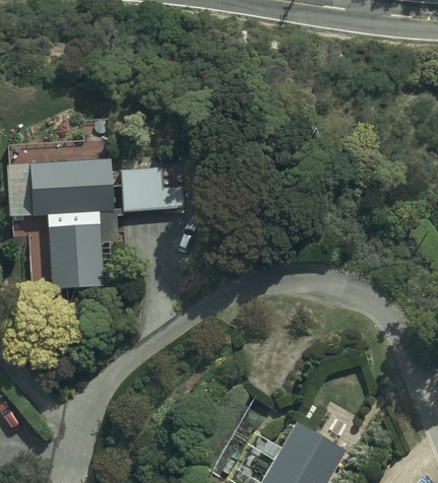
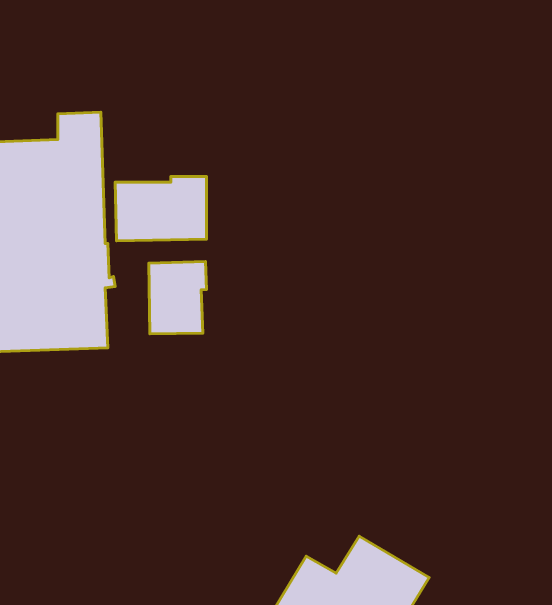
building: none -> [149,262,206,334]

